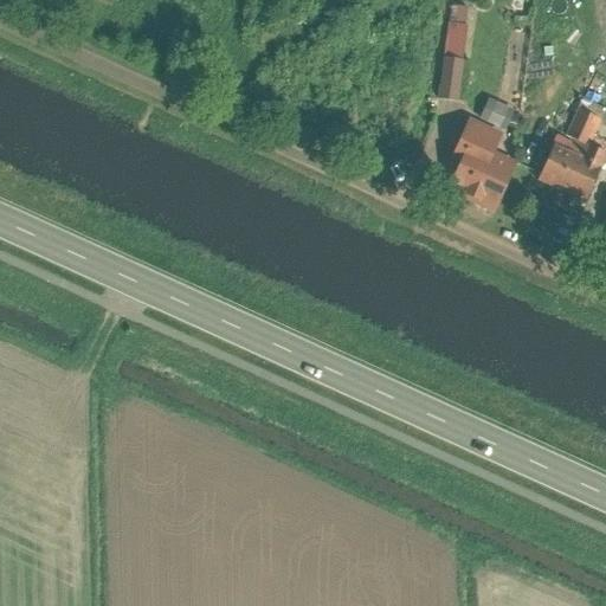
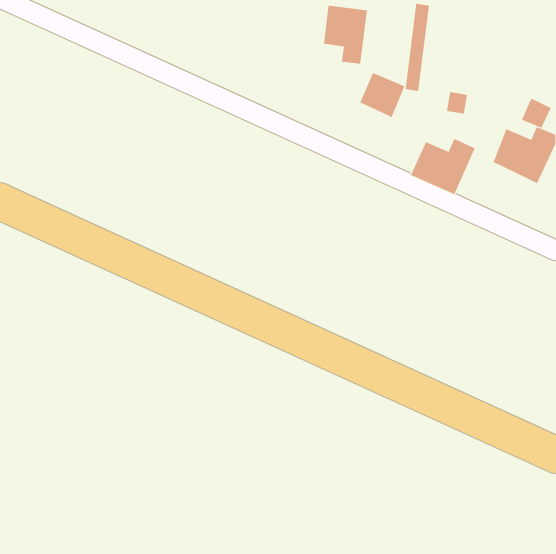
building: none -> [324,5,367,64]
building: [452,115,502,165] -> [359,72,405,118]

